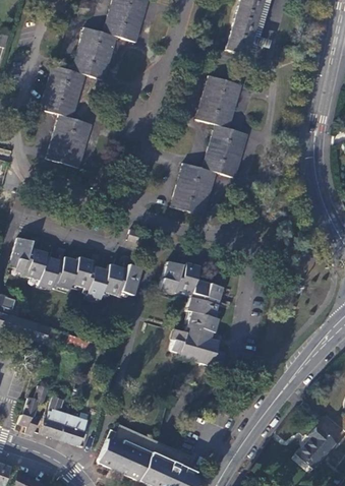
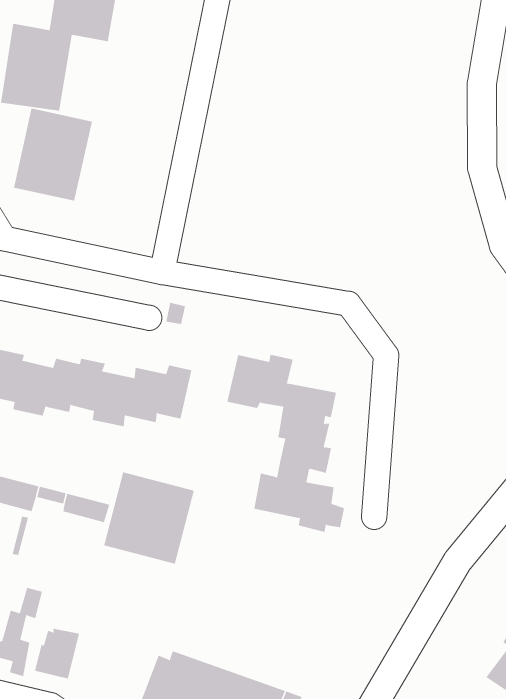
building: [172,74,249,215] -> none
building: none -> [103,471,194,564]
building: [59,414,87,445] -> none

